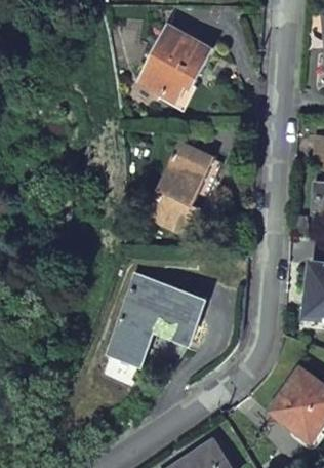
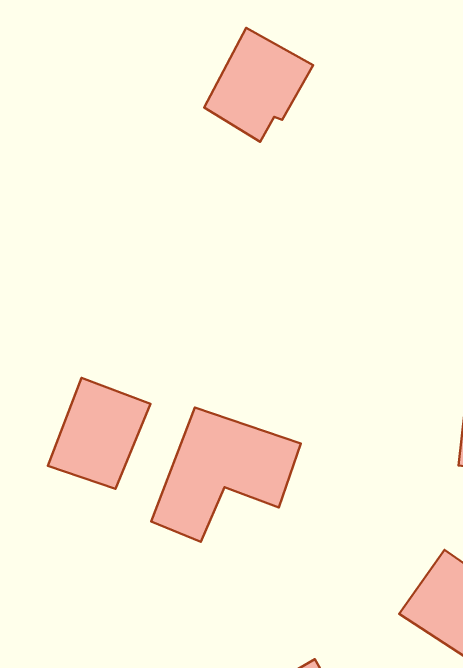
building: [141,142,212,234] -> none
building: none -> [48,378,151,489]

